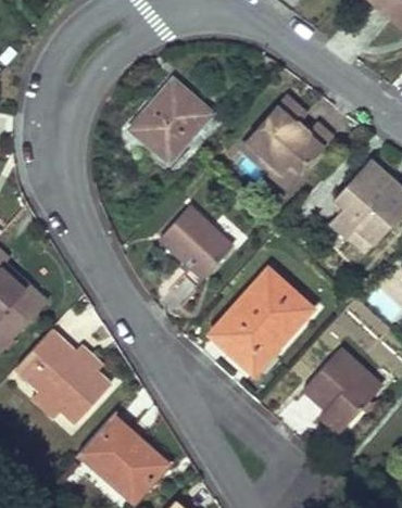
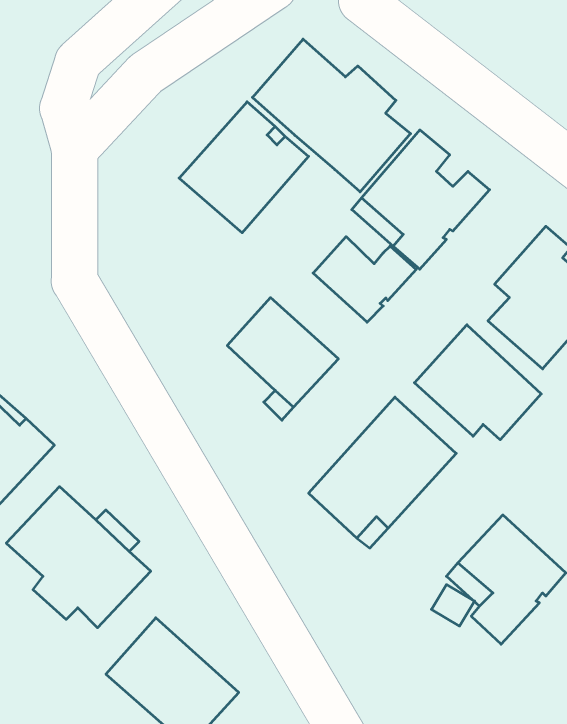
building: none -> [252,39,411,192]
building: none -> [313,237,416,322]
building: none -> [414,325,541,440]

